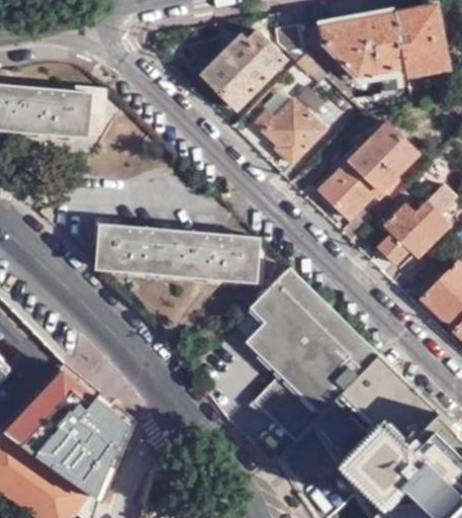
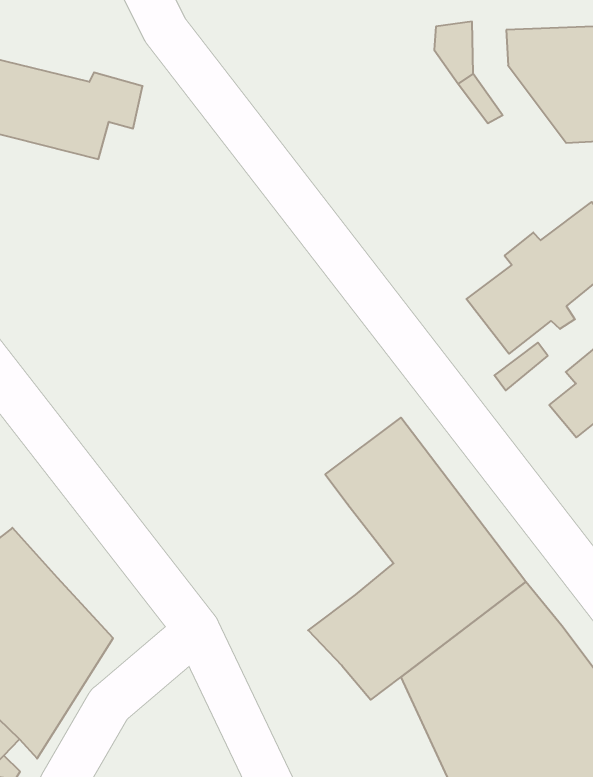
building: [202,31,285,109] -> none
building: [255,99,325,164] -> none
building: [93,219,259,283] -> none
building: [250,324,297,377] -> none

